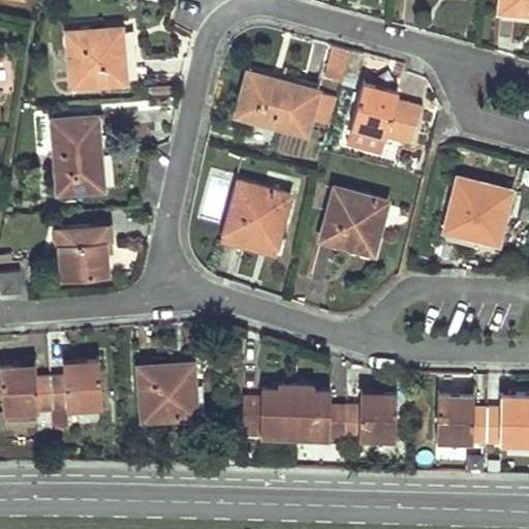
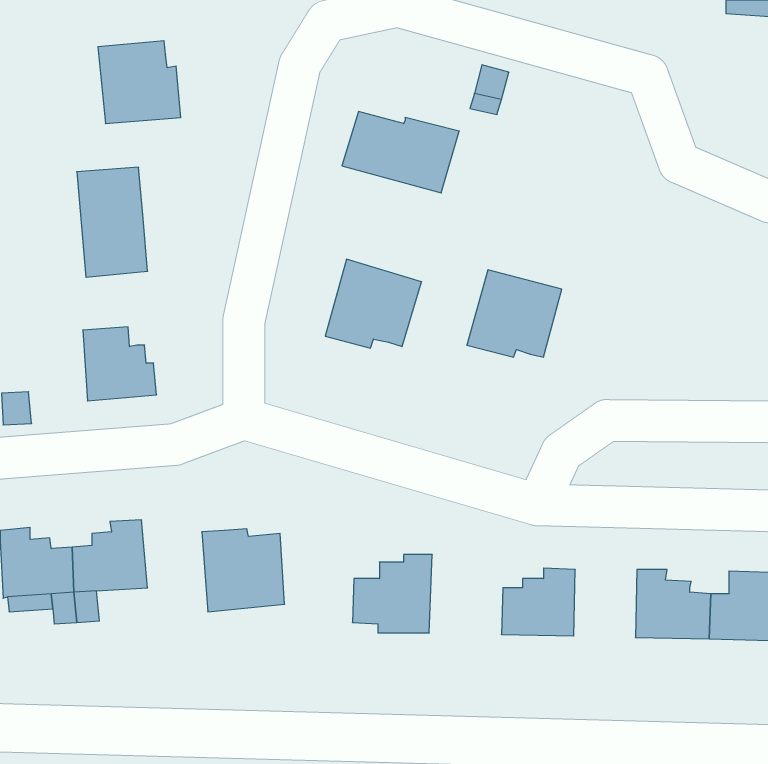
building: [346,84,421,151] -> none
building: [445,180,510,240] -> none
building: [295,384,346,439] -> none

